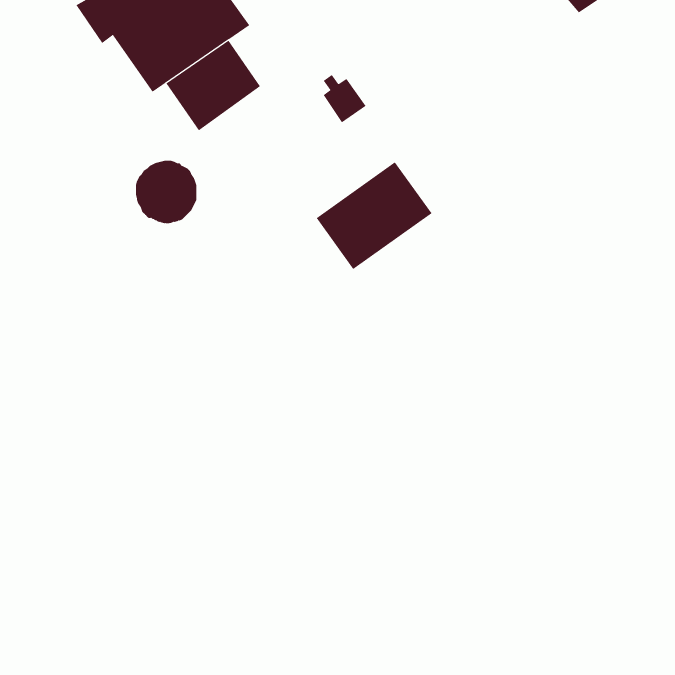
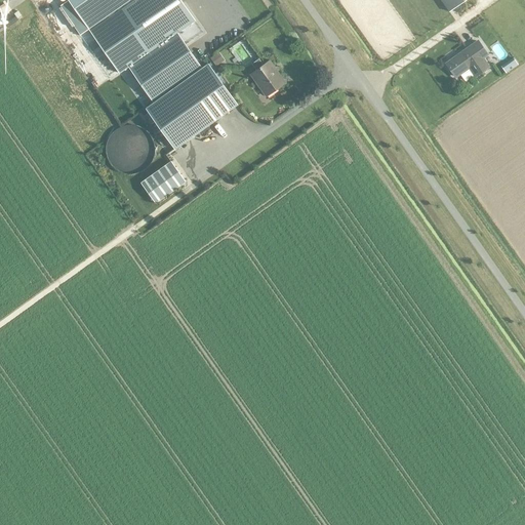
building: none -> [445,40,487,76]
building: [316,161,432,270] -> [146,64,236,148]
building: none -> [139,160,185,202]

